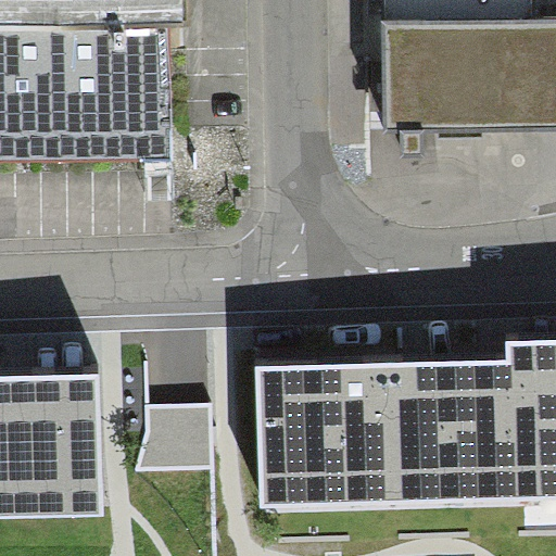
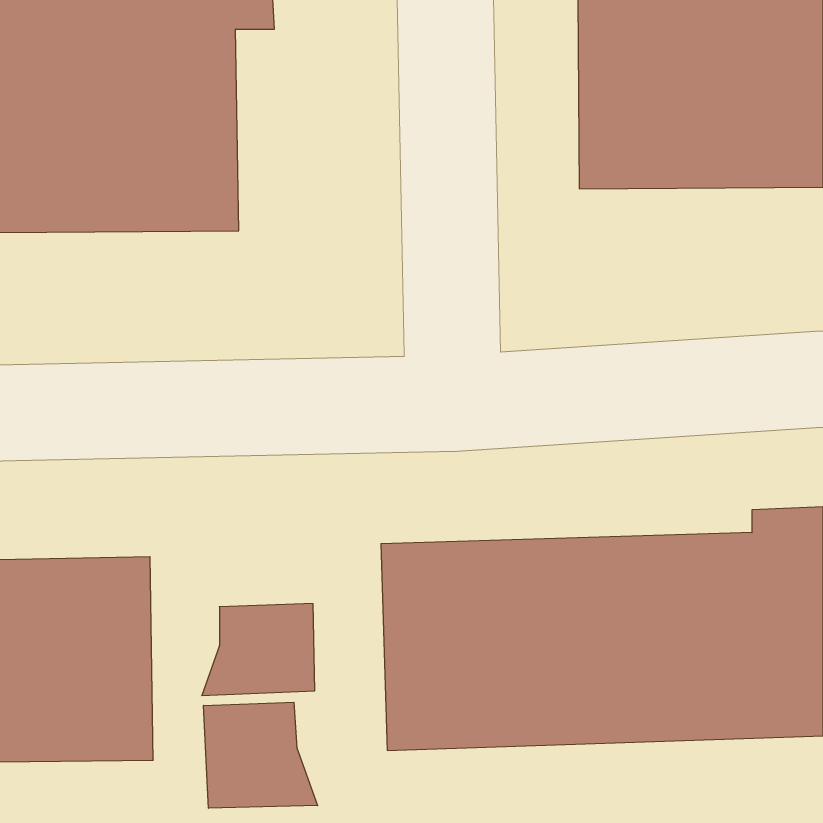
building: none -> [204,702,318,808]

